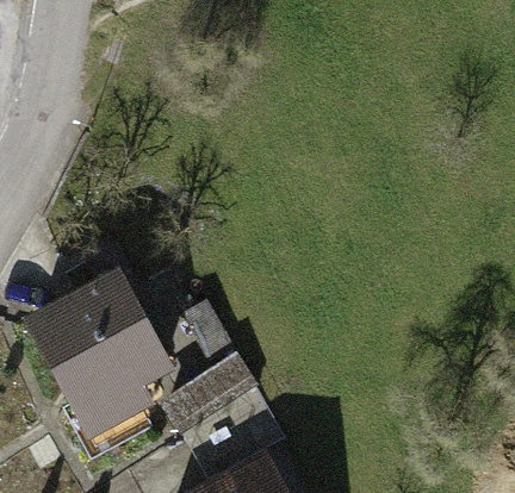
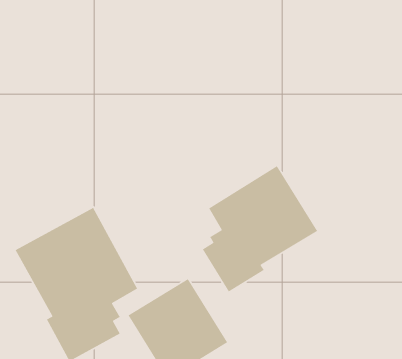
building: none -> [202,165,318,292]

